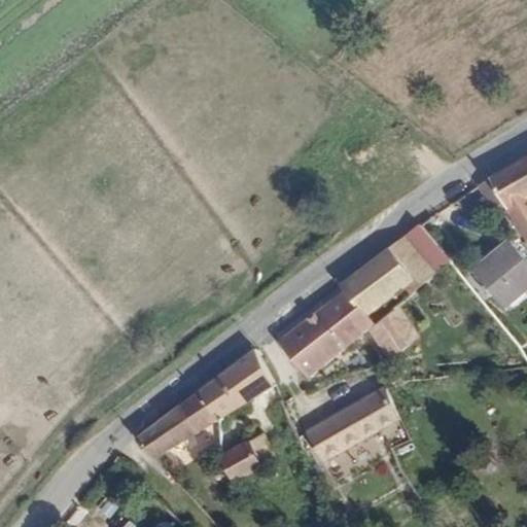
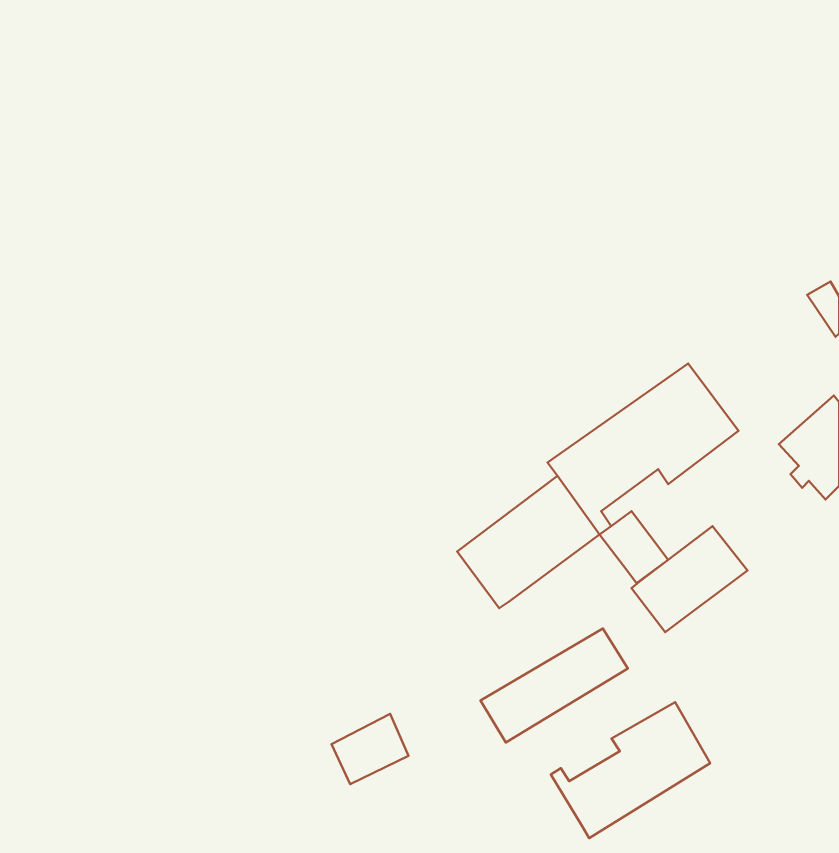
building: none -> [632,526,748,632]
building: [137,346,279,455] -> none
building: none -> [551,702,710,838]

